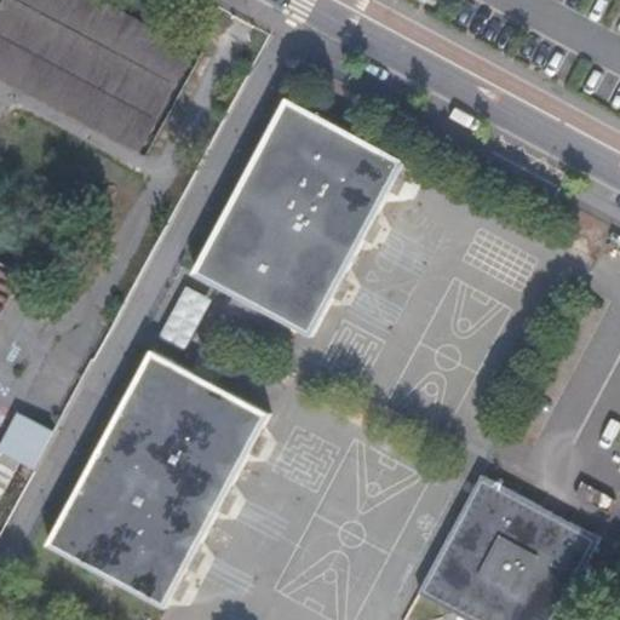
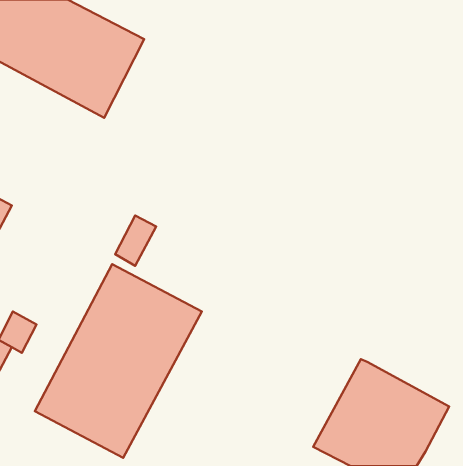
building: [191,98,402,335] -> none

